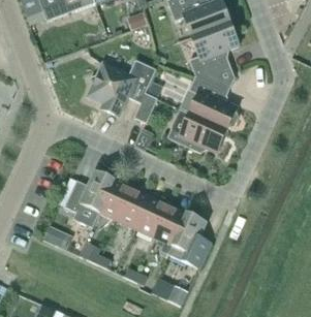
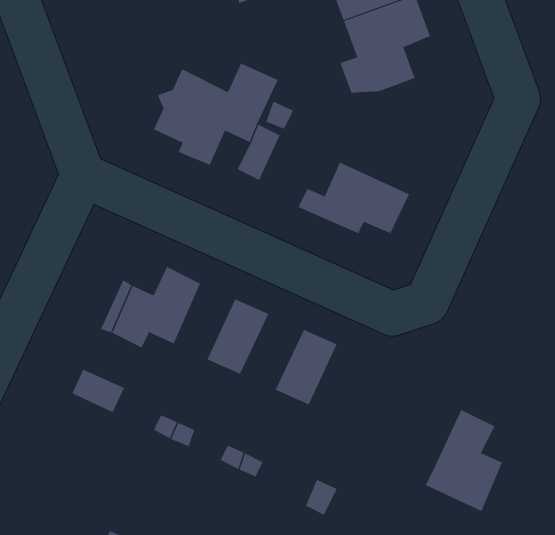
building: [180,67,237,130] -> none
building: [98,179,131,220] -> none
building: [134,195,168,236] -> none
building: [167,212,210,267] -> [425,409,503,512]

